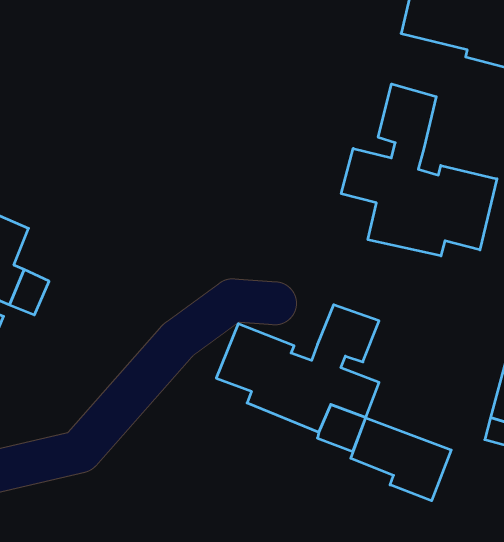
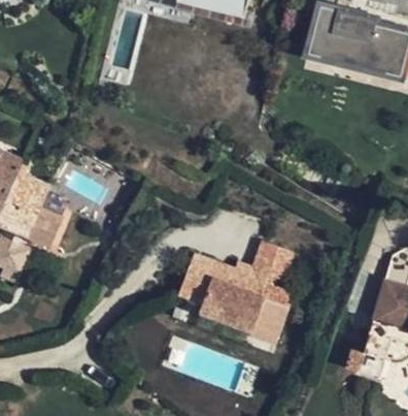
building: [341,84,497,256] -> none
building: [351,418,451,501] -> none

